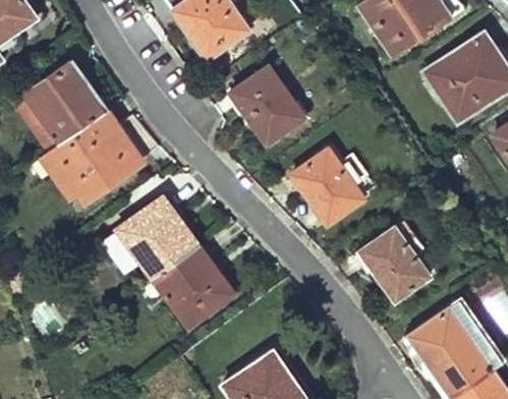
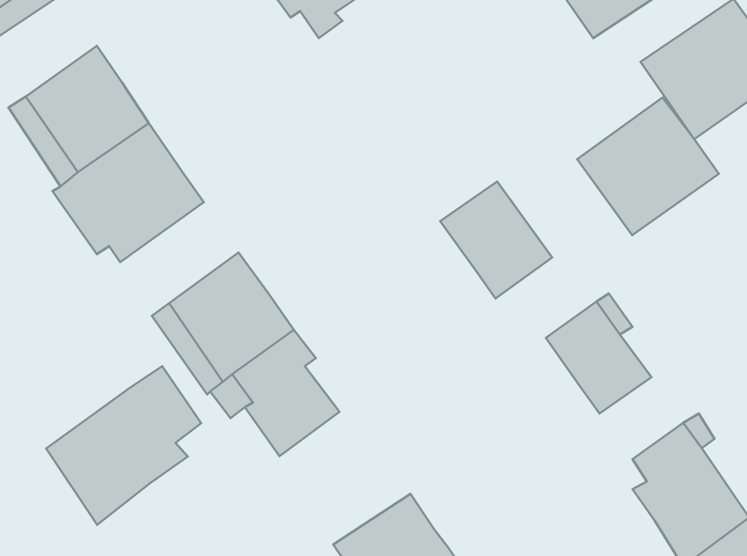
building: [234,66,304,140] -> none
building: none -> [577,98,719,235]
building: none -> [46,366,201,525]

